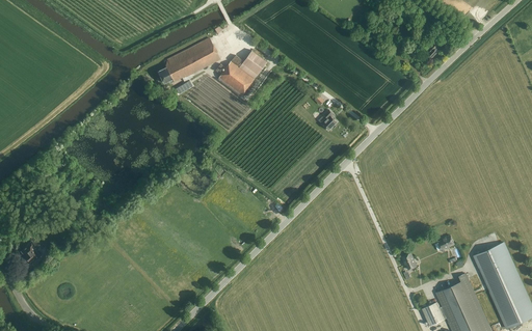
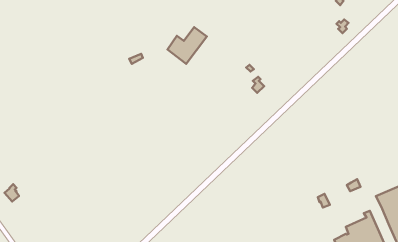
building: [157,38,219,83] -> none

